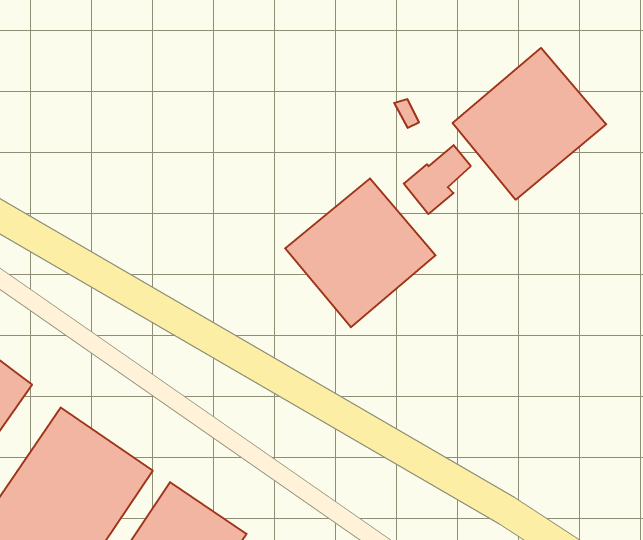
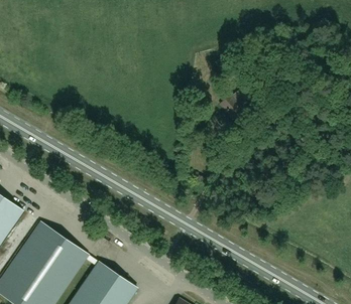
building: [453,48,606,200] -> none
building: [285,178,436,327] -> none

